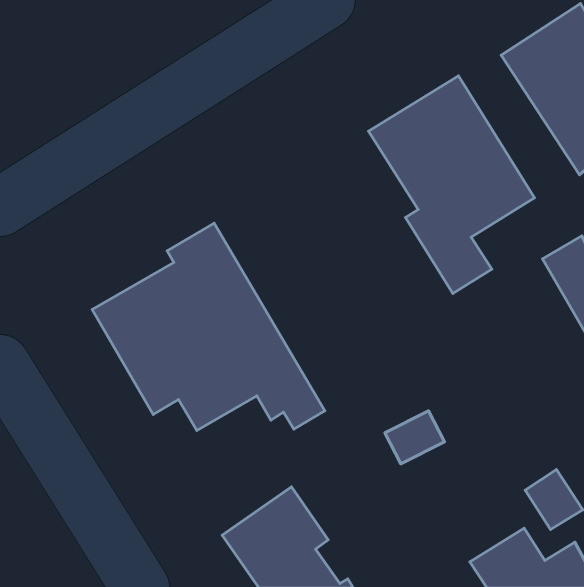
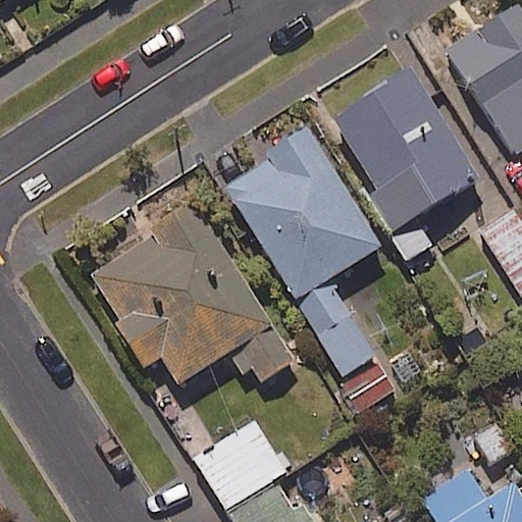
building: none -> [227,125,380,375]

